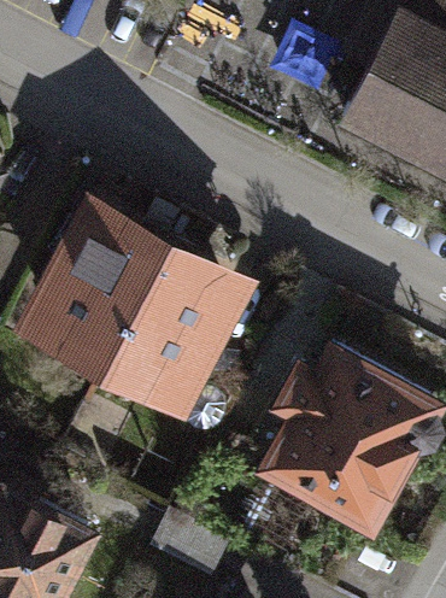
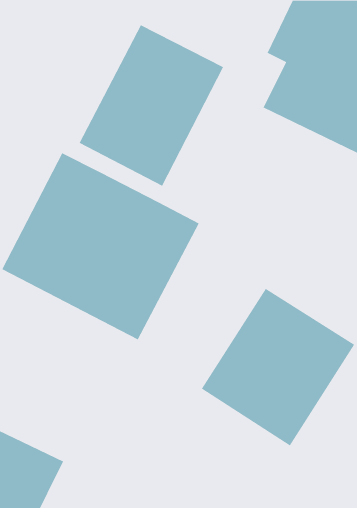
building: none -> [79,24,224,187]

